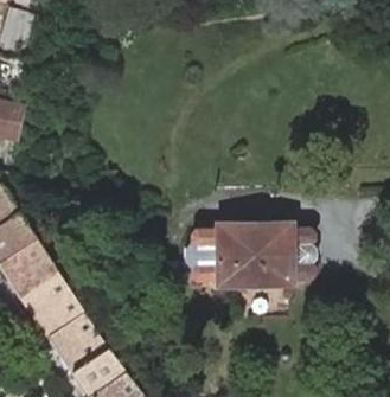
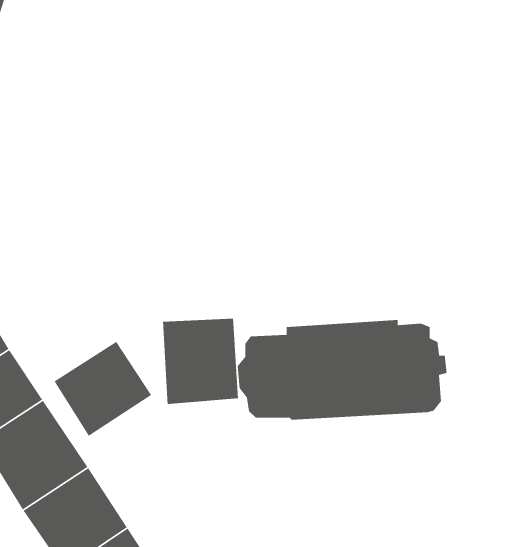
building: none -> [162,318,239,405]
building: none -> [53,341,152,437]

